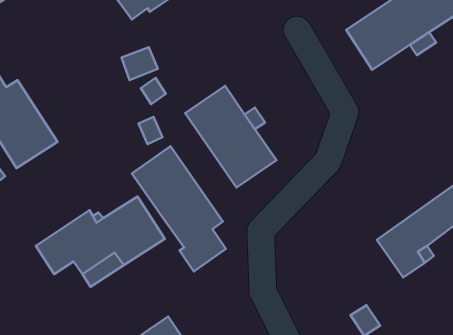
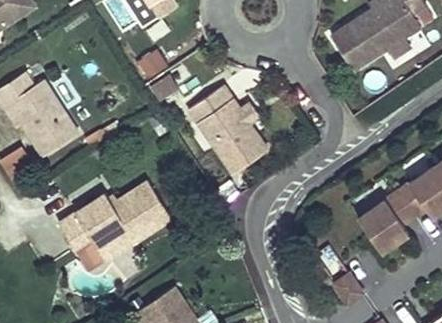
building: [132,146,226,272] -> none

